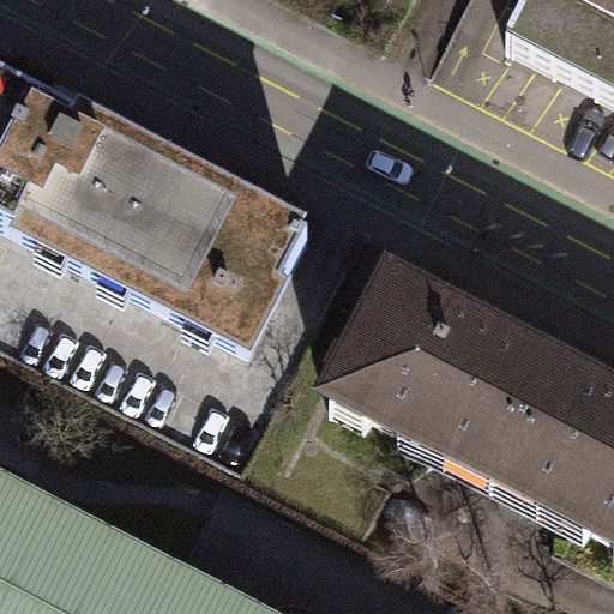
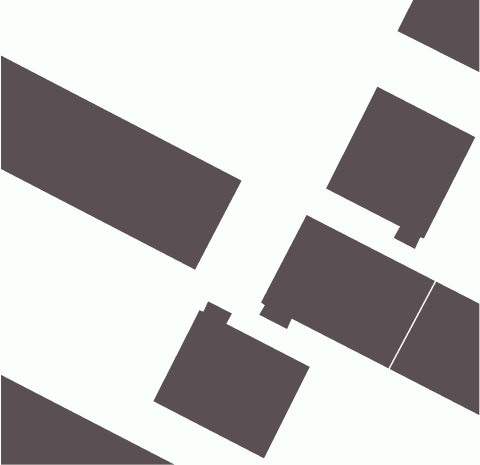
building: none -> [325,86,476,250]
building: none -> [152,300,311,459]

